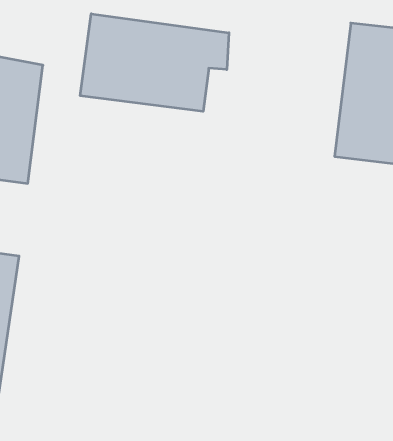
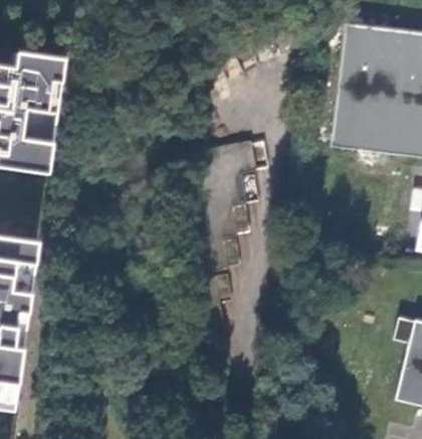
building: [80,14,229,111] -> none

